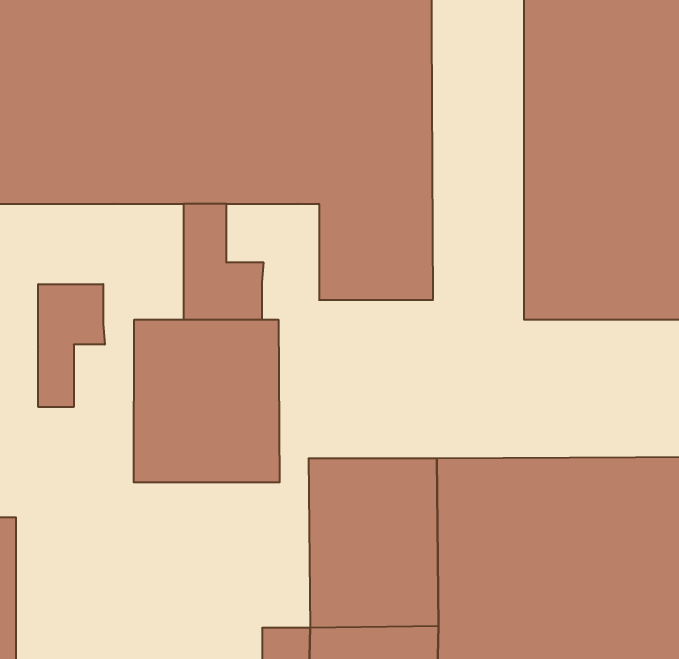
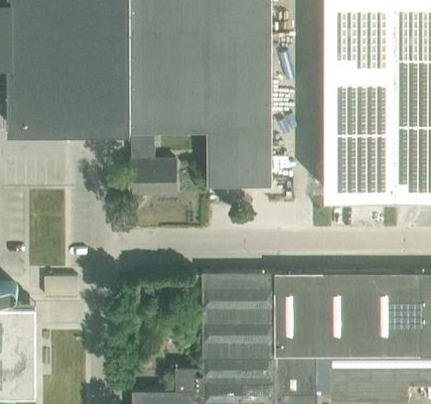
building: [38,284,105,407] -> none
building: [134,320,280,482] -> none

